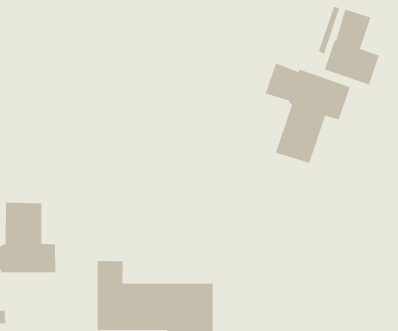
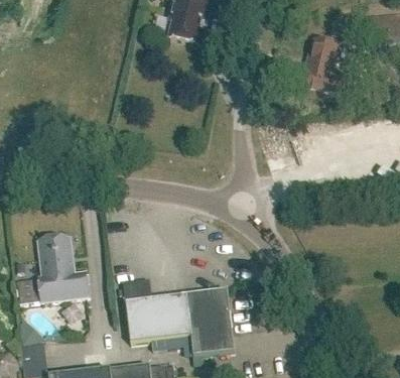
building: [264,63,351,164] -> none

